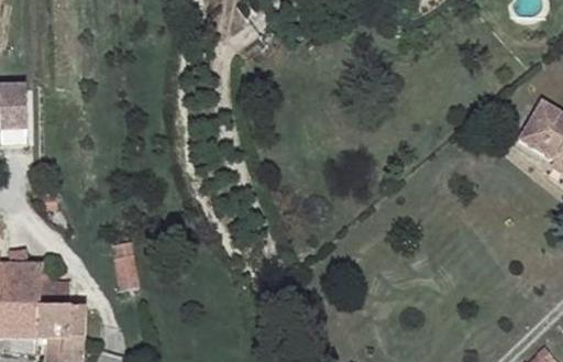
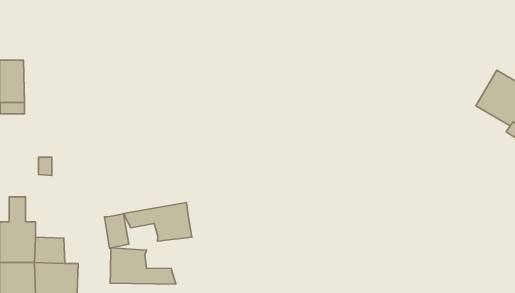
building: none -> [123,203,192,241]
building: none -> [110,248,176,284]

